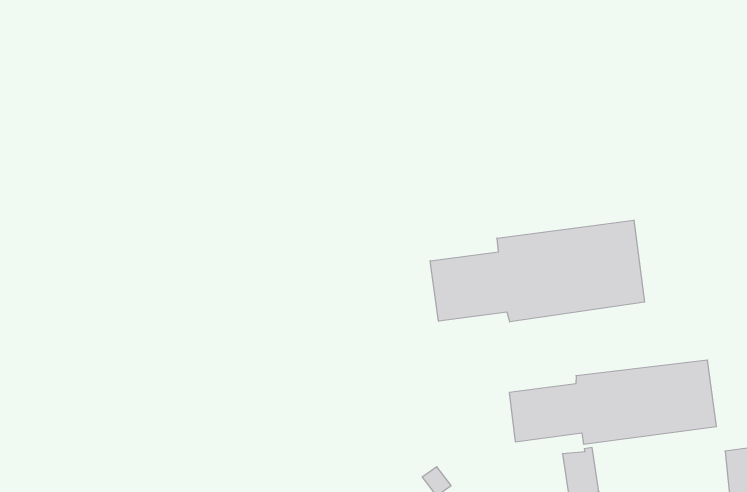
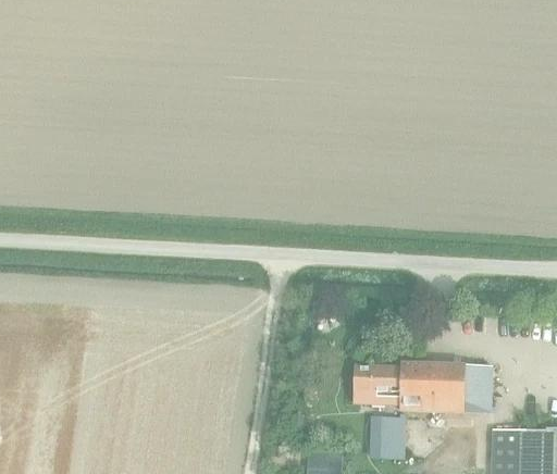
building: [430,220,645,322] -> none

